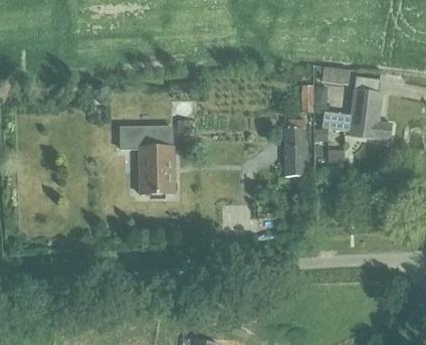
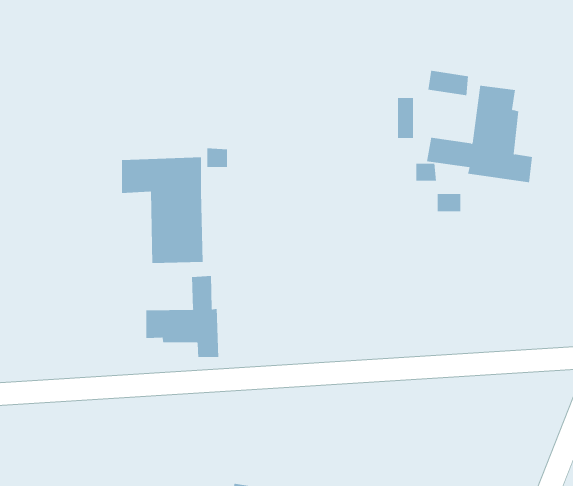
building: [284,121,305,177] -> none
building: none -> [146,275,219,358]

